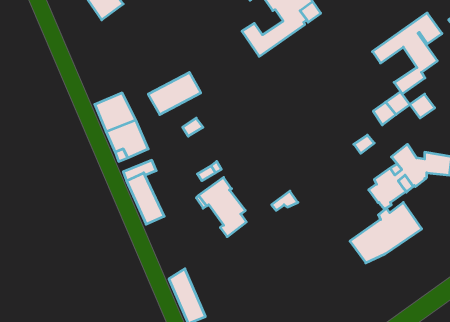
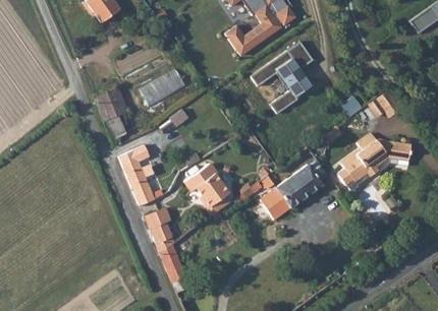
building: [372,13,442,94] -> [251,41,313,113]
building: [350,202,422,263] -> [261,164,325,217]
building: none -> [144,206,171,253]

